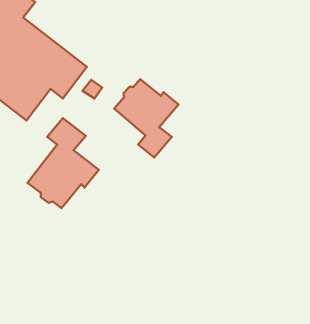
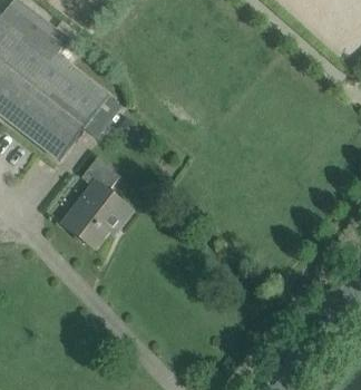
building: [114,79,178,157] -> none

